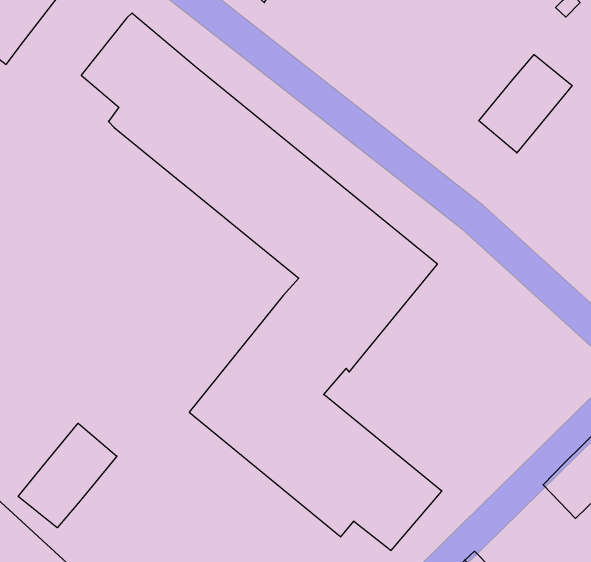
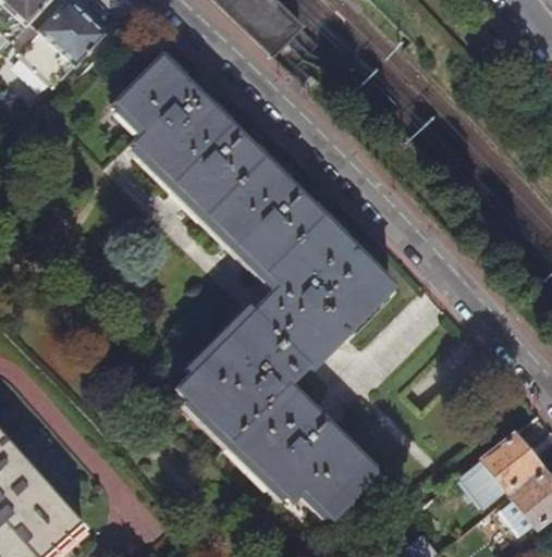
building: [479,55,572,153] -> none
building: [18,423,117,528] -> none

